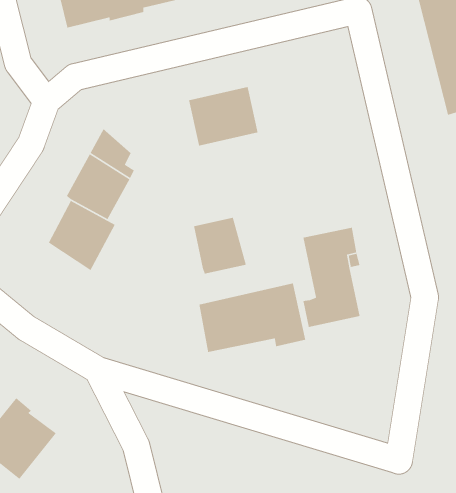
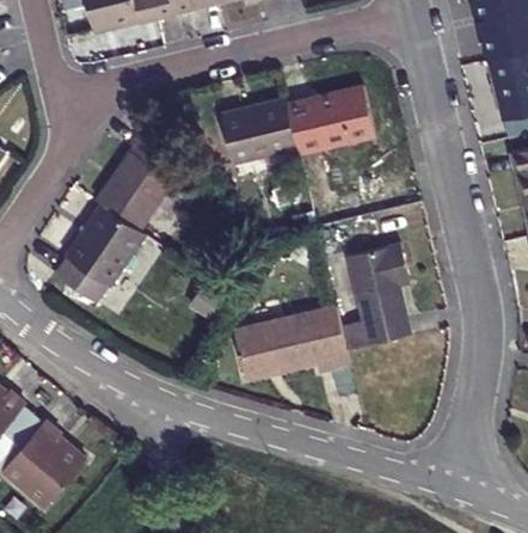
building: none -> [290,82,377,149]
building: [193,217,247,274] -> none
building: none -> [61,258,123,314]

